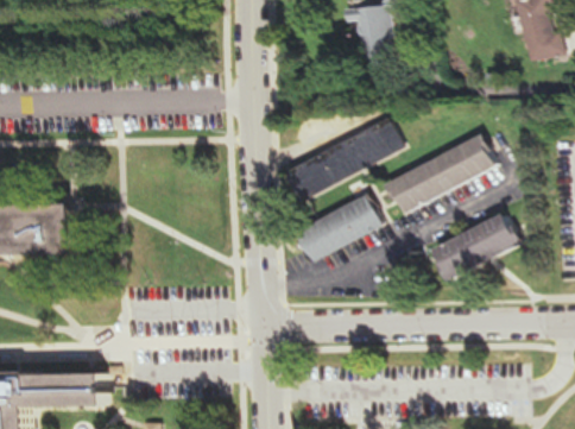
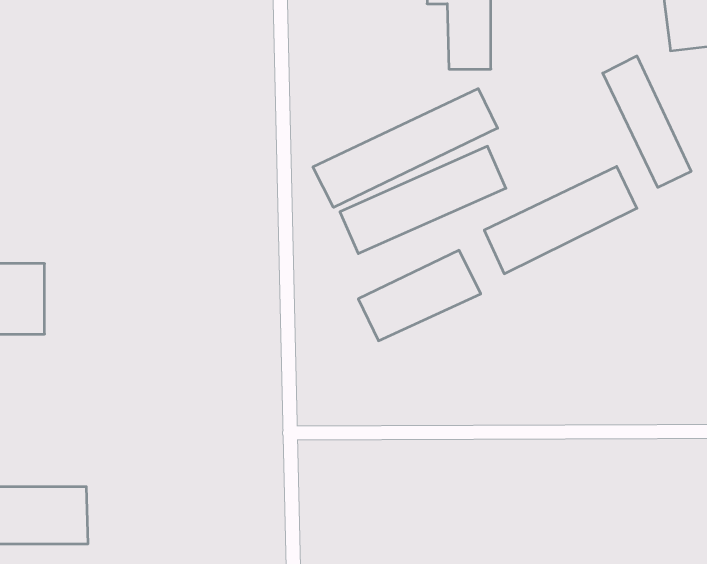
building: none -> [603,56,691,187]
building: none -> [313,89,498,207]
building: [426,214,516,279] -> none

